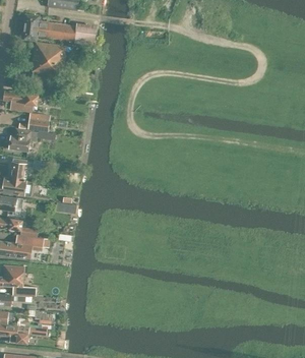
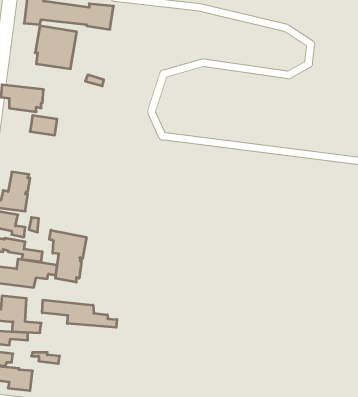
building: [9,129,55,152] -> none
building: none -> [49,230,86,282]
building: none -> [42,300,117,327]

